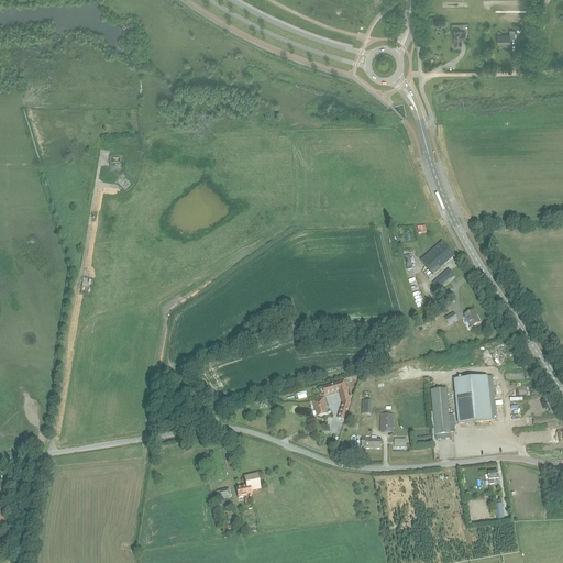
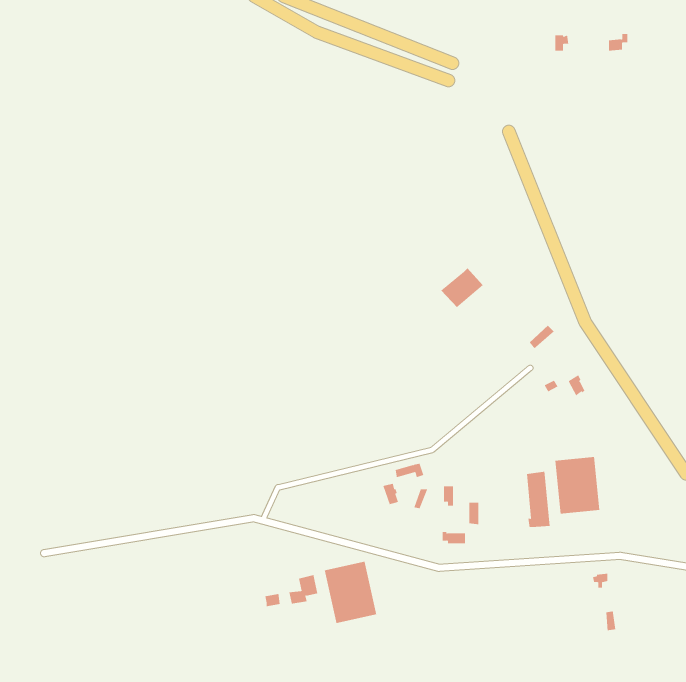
building: [420,239,455,272] -> [441,268,484,308]
building: none -> [324,561,377,624]

